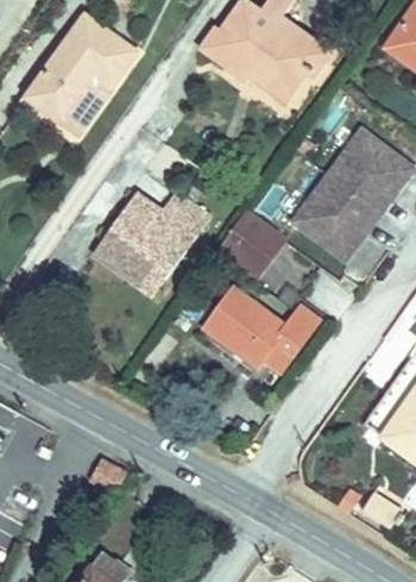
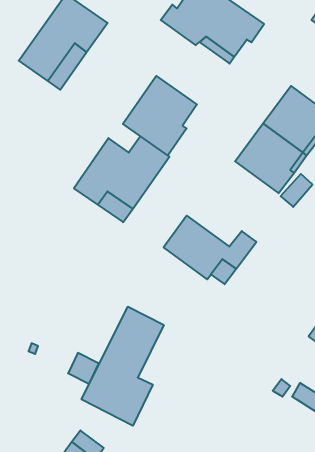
building: none -> [123,76,197,155]
building: [219,211,281,273] -> none
building: none -> [82,307,164,426]

